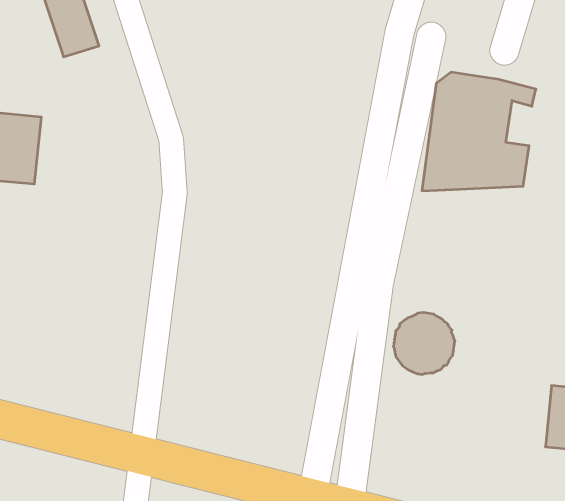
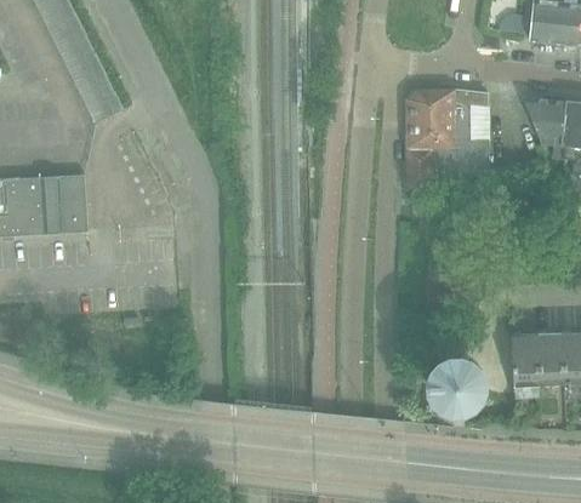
building: [393,313,455,374] -> [431,358,480,408]
building: none -> [511,333,539,385]

